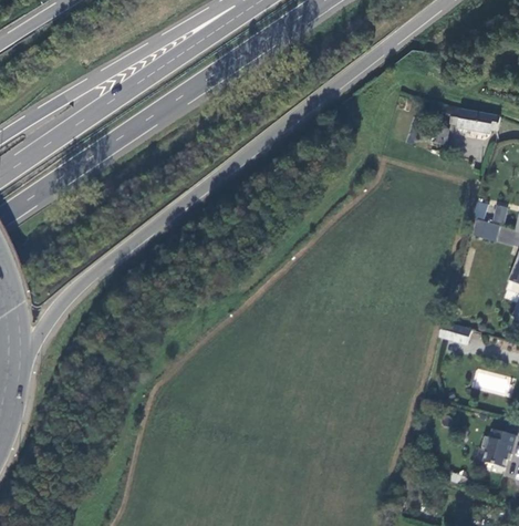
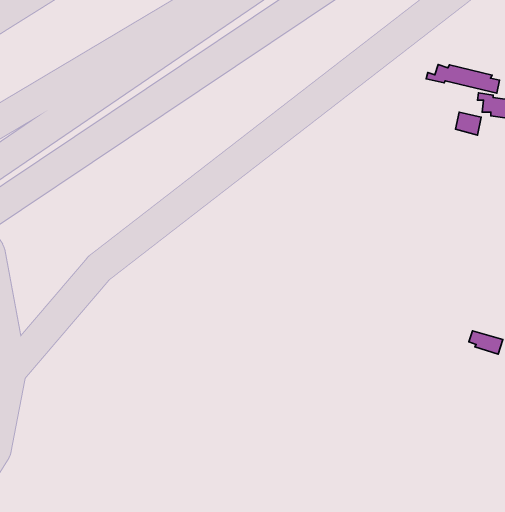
building: none -> [426,64,500,93]

